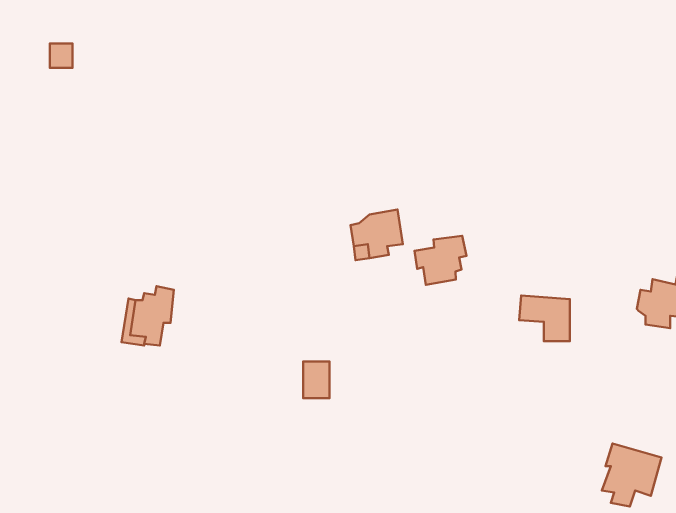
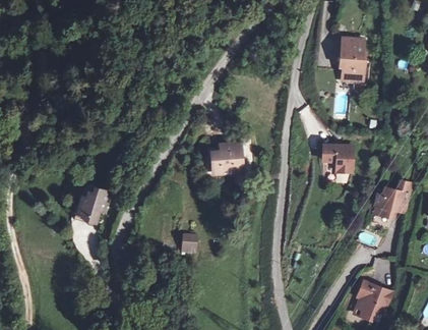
building: none -> [342,38,367,79]
building: [414,236,467,285] -> none
building: [519,296,570,341] -> [322,145,352,171]

